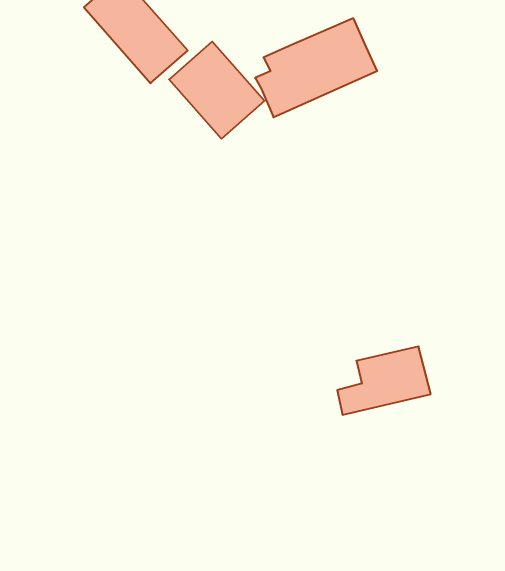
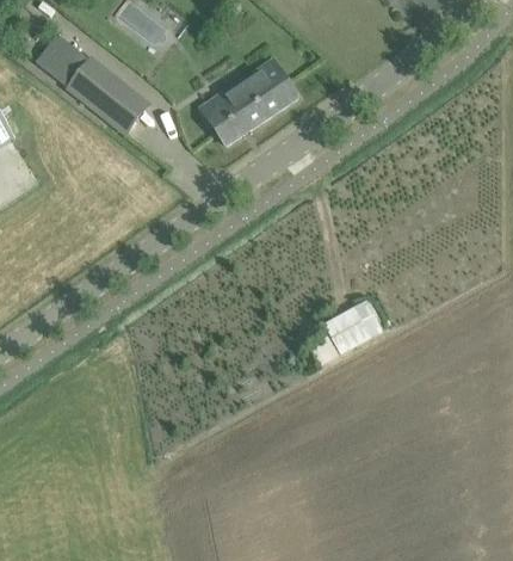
building: [169,42,264,139] -> none

